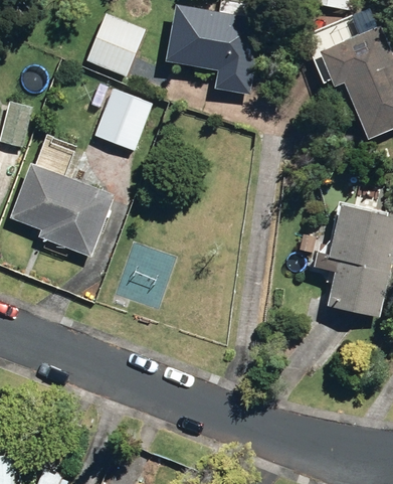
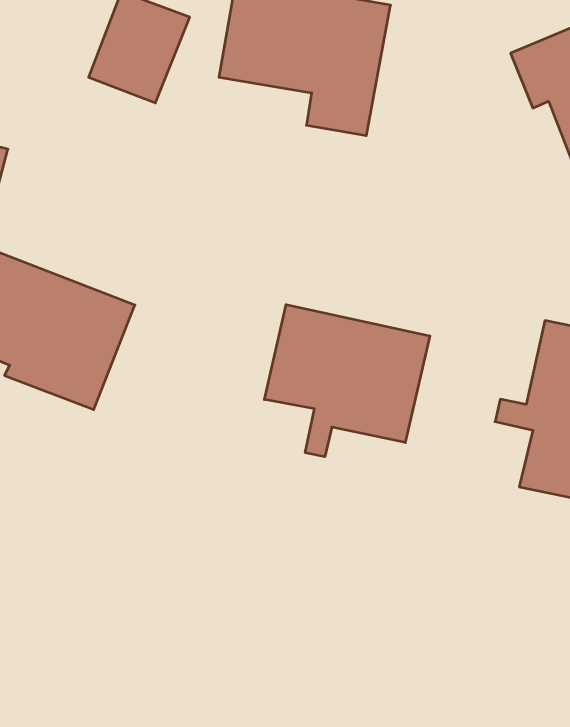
building: [89,88,150,152] -> none
building: none -> [264,305,430,457]

